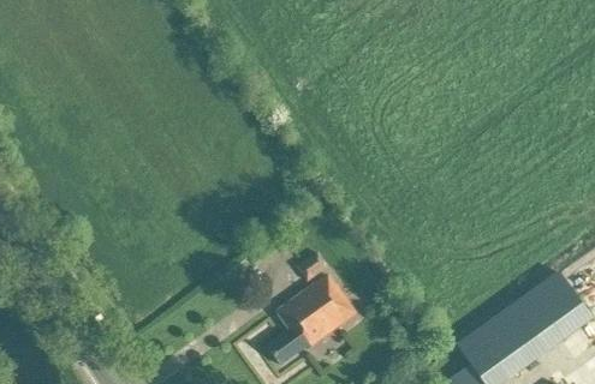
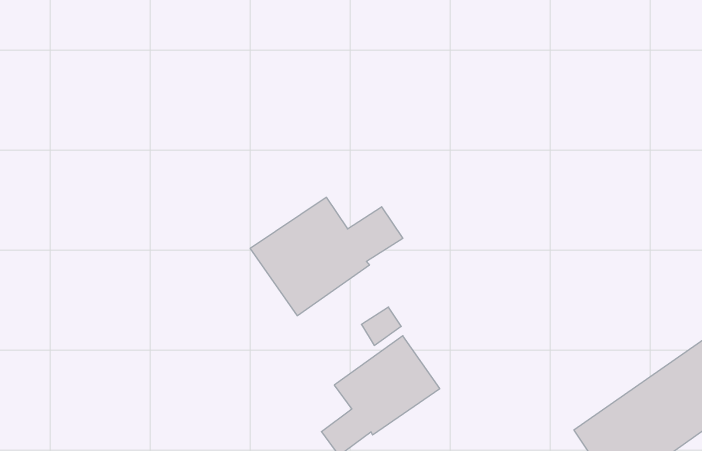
building: none -> [250,197,403,316]

